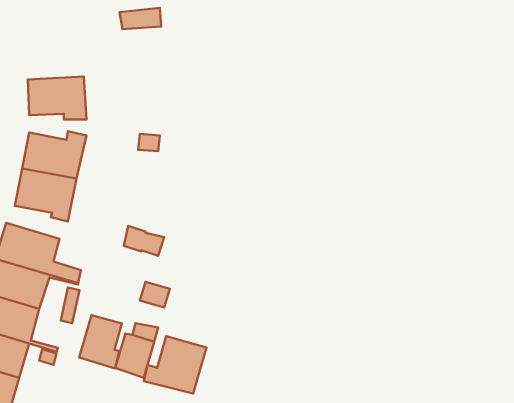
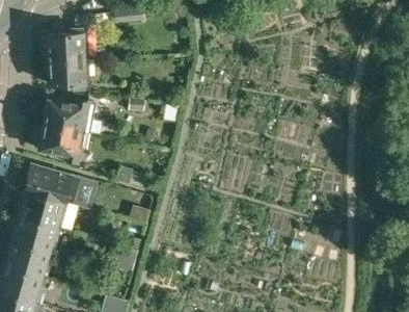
building: none -> [48,14,97,59]
building: [79,315,122,368] -> none
building: [144,336,206,394] -> none

